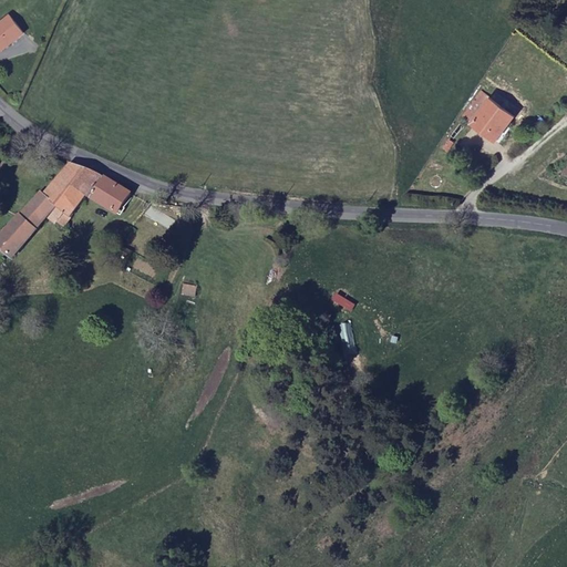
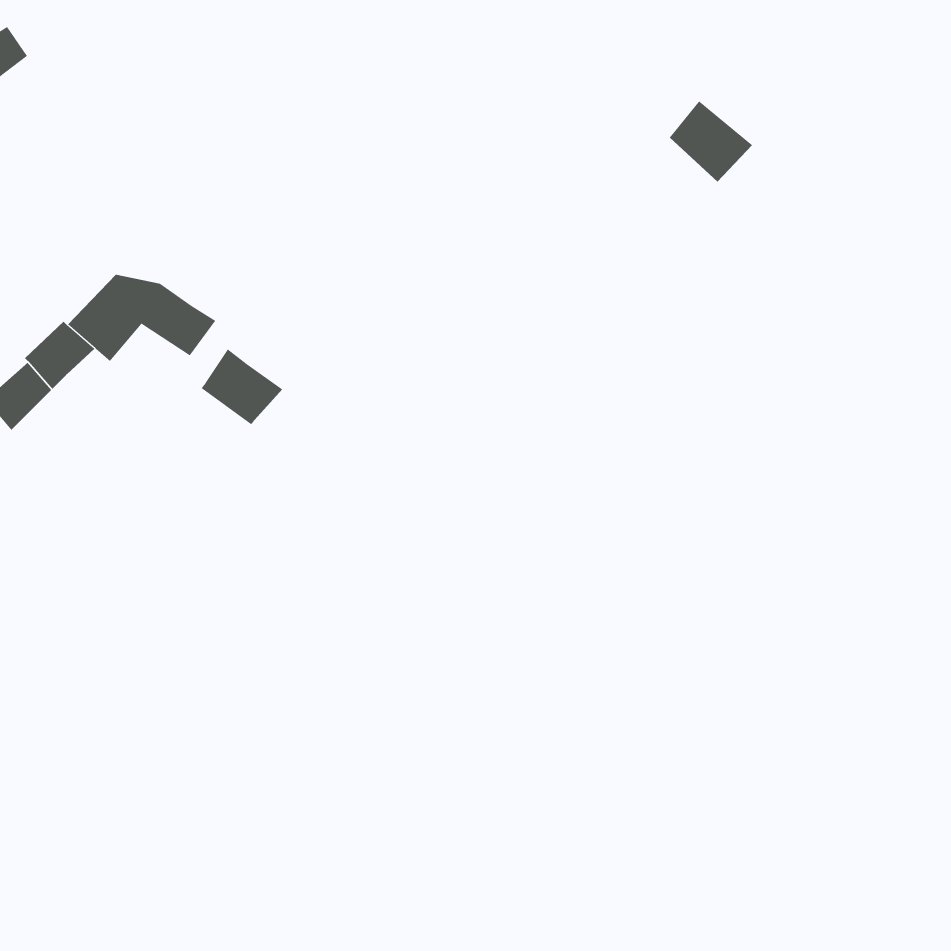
building: [468,93,518,142] -> [669,100,753,182]
building: none -> [201,348,283,425]

